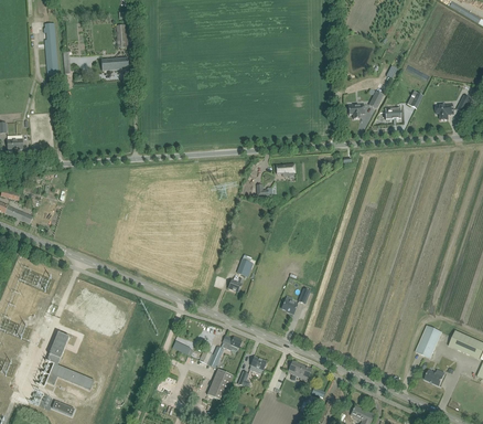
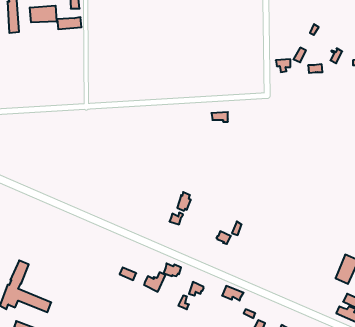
building: none -> [30,6,56,22]
building: [207,369,233,401] -> none

